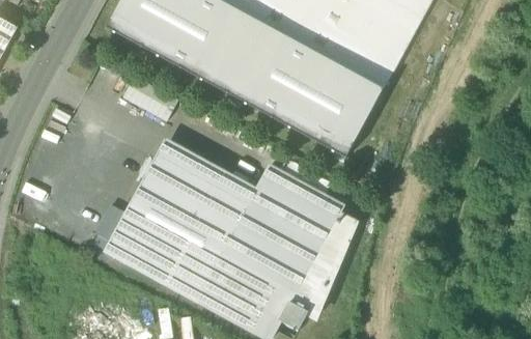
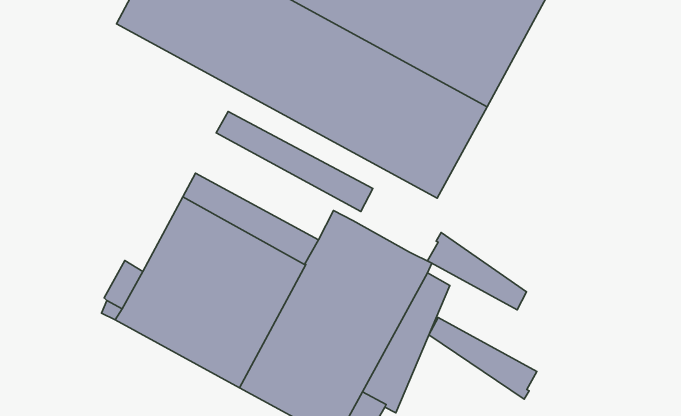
building: none -> [216,112,373,212]
building: none -> [428,232,527,310]
building: none -> [429,317,537,399]

